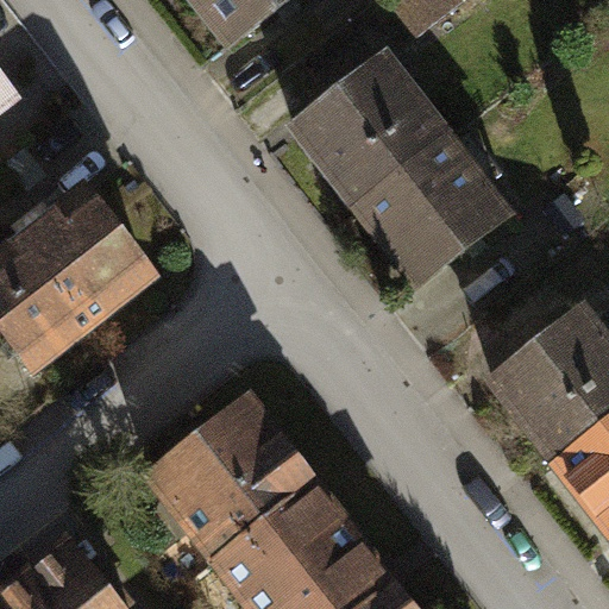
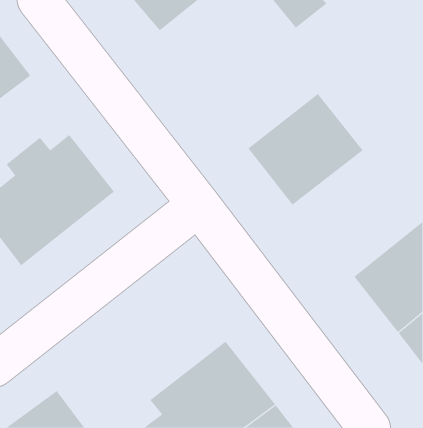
building: [285,50,451,211] -> none
building: [140,393,320,567] -> none

